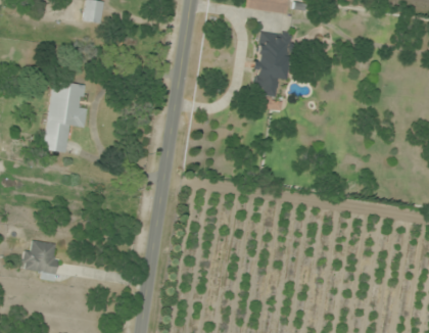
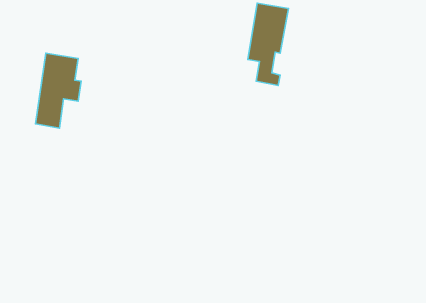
building: [25,239,60,279] -> none

